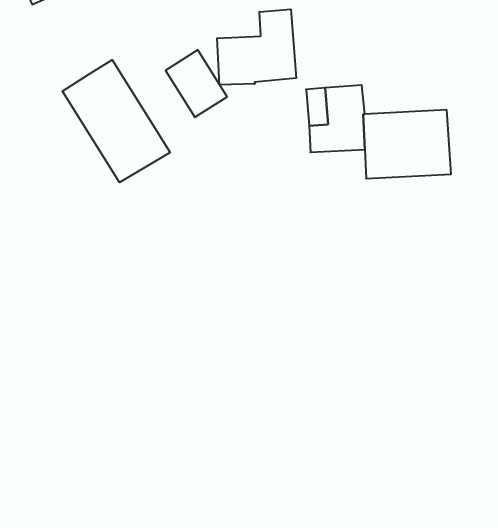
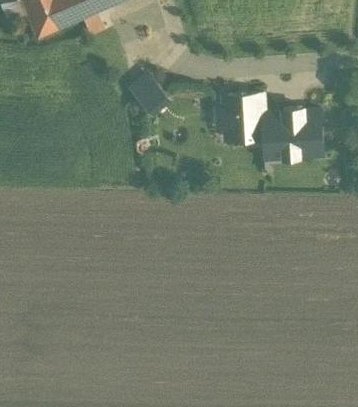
building: [217,9,296,85] -> none
building: [62,60,170,182] -> none

